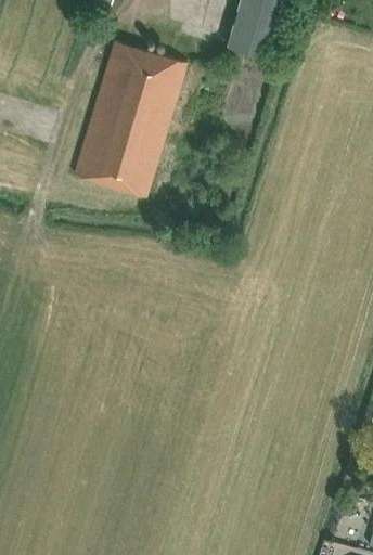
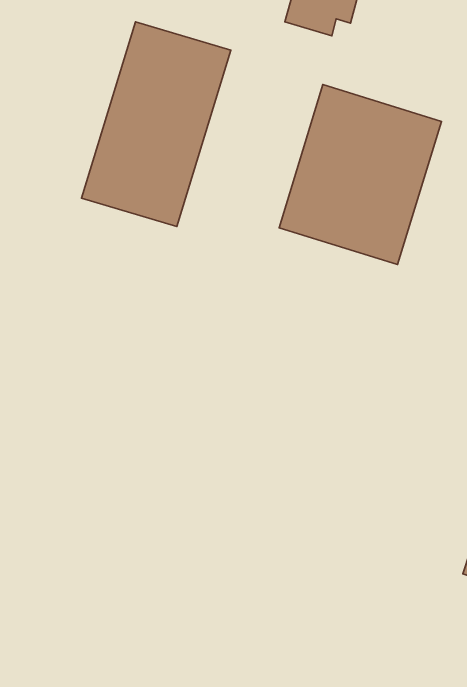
building: none -> [279,85,441,265]

